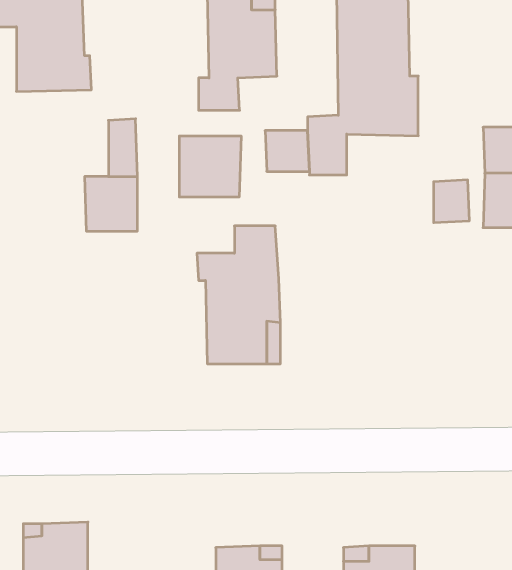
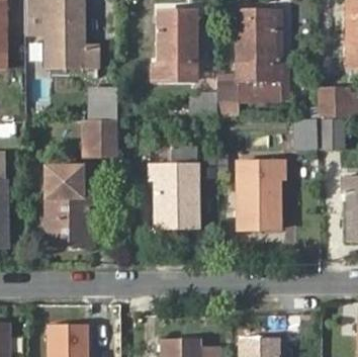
building: [179,136,241,197] -> none
building: none -> [237,164,283,231]
building: none -> [42,168,89,245]

